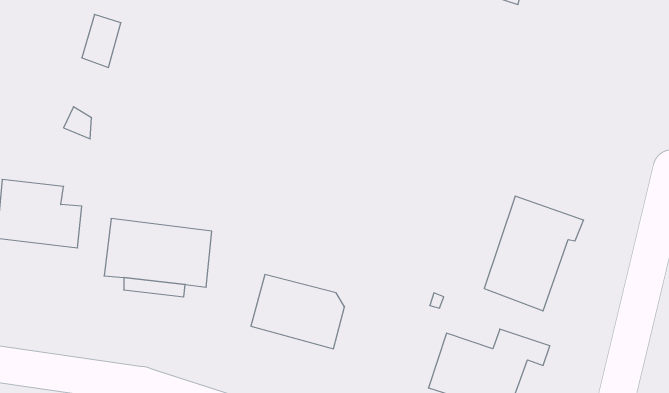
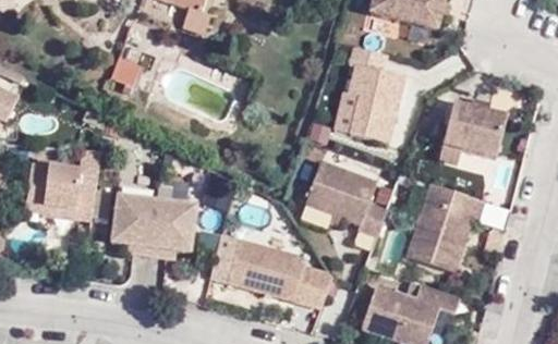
building: none -> [349,45,404,138]
building: none -> [441,99,507,158]
building: none -> [306,159,387,235]
building: none -> [291,268,328,309]

